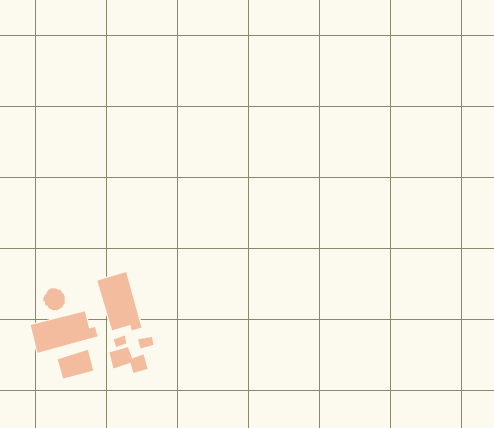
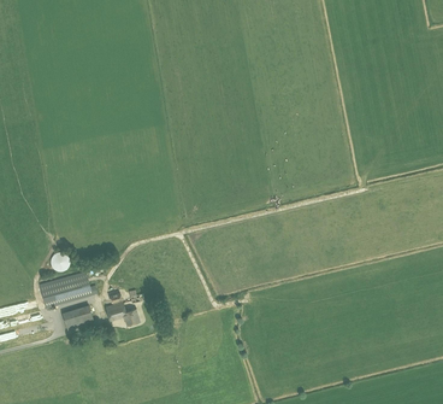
building: [97,271,142,331] -> none

